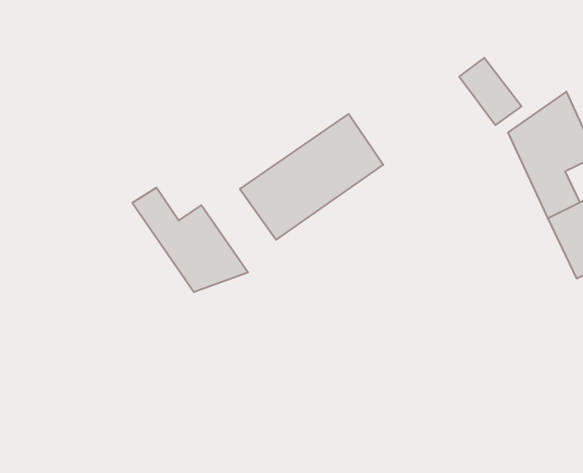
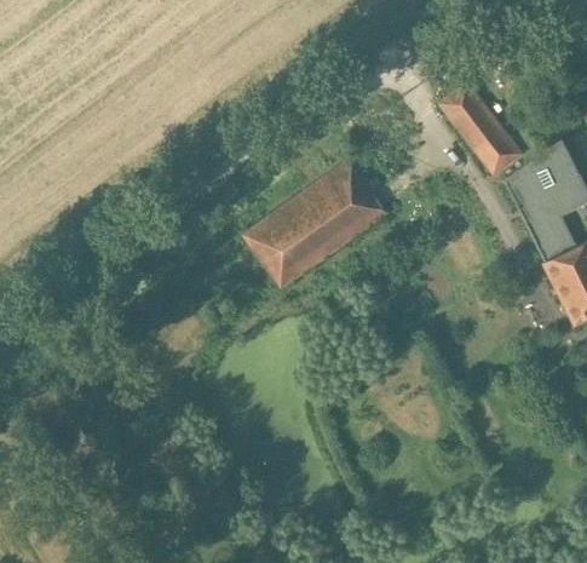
building: none -> [443,87,483,126]
building: [132,188,248,292] -> none

